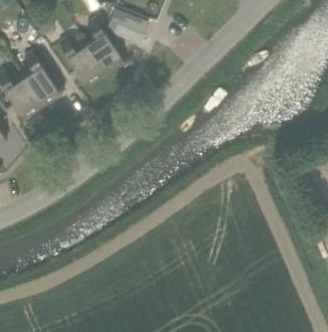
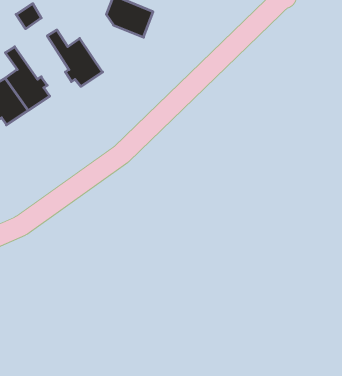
building: [86,18,123,72] -> none

